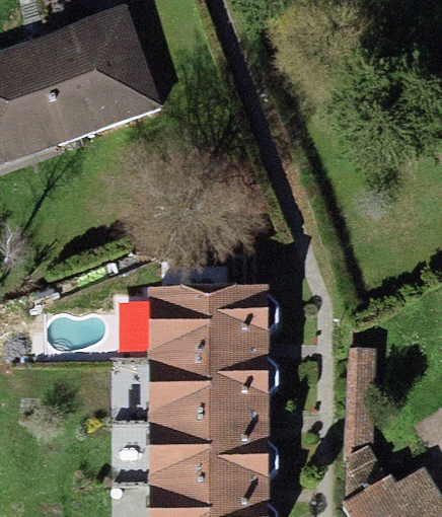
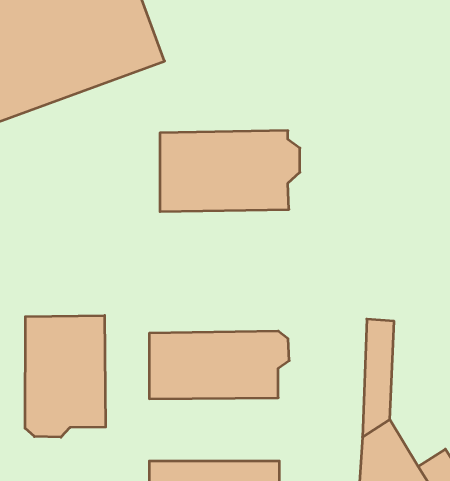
building: [148,285,278,360] -> [160,131,300,212]
building: none -> [25,315,106,437]
building: [148,420,277,478] -> none

